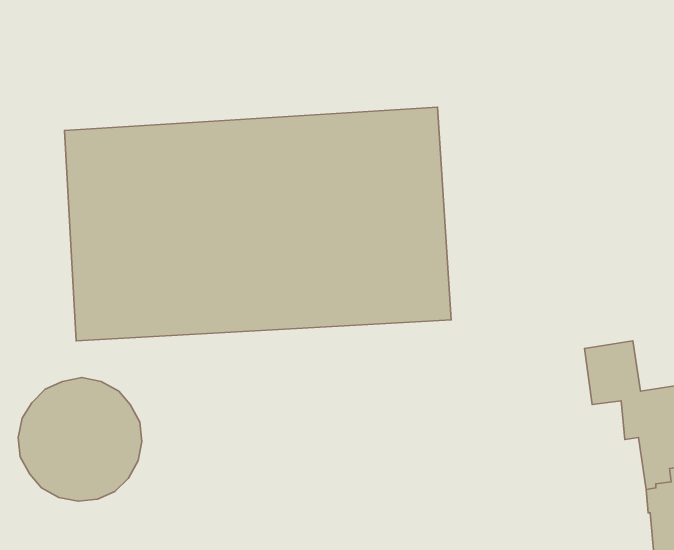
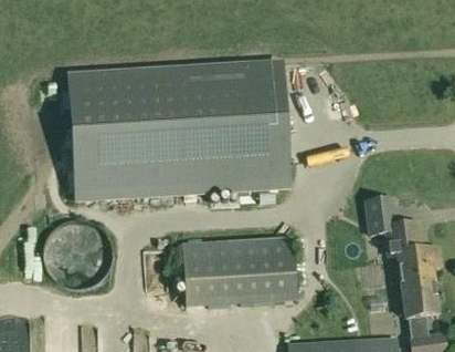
building: none -> [182,238,297,307]

